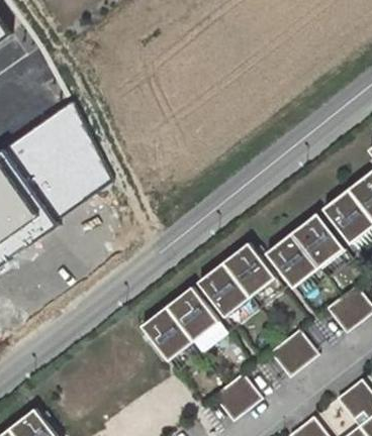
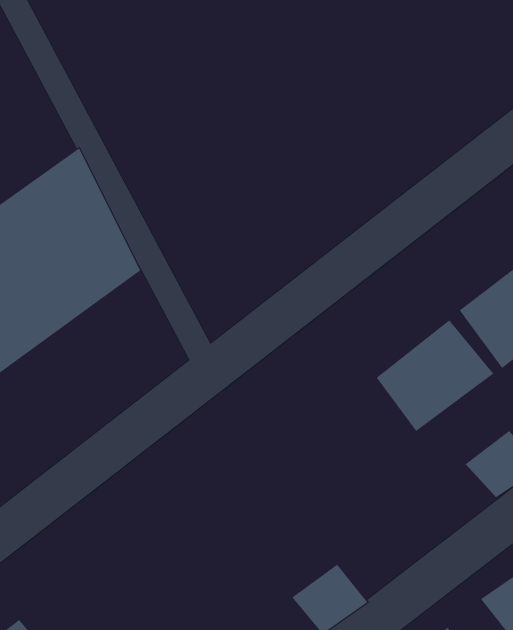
building: [197,240,277,318] -> none
building: [141,286,221,361] -> none
building: [270,328,319,376] -> none

